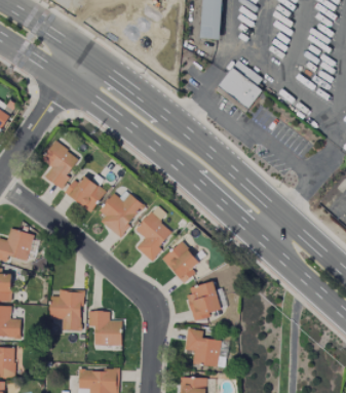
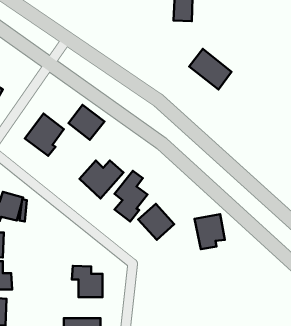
building: [66,172,106,211] -> [69,105,104,140]
building: [186,281,220,320] -> [194,214,225,249]
building: [48,289,82,329] -> none
building: [184,328,220,365] -> none

